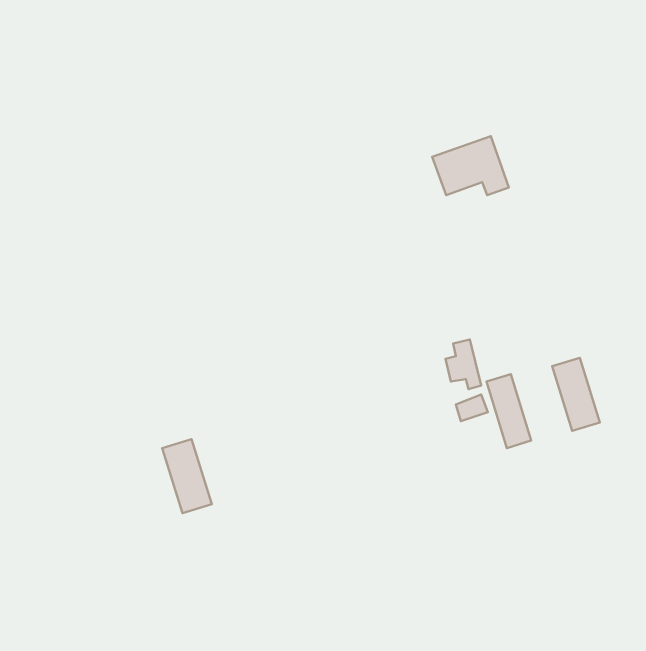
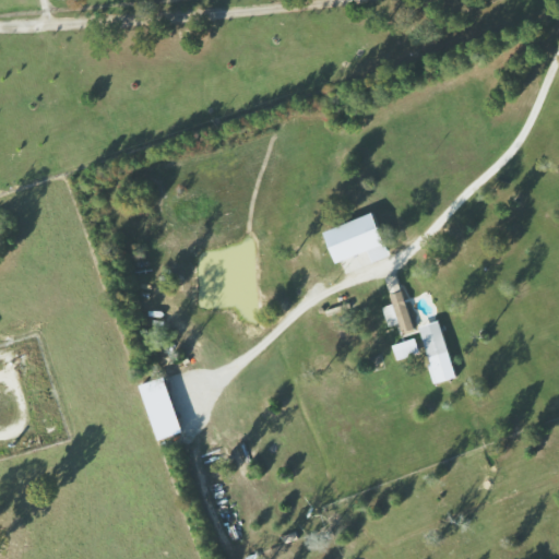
building: [432,136,509,195] -> [323,213,389,263]
building: [552,358,600,431] -> none

